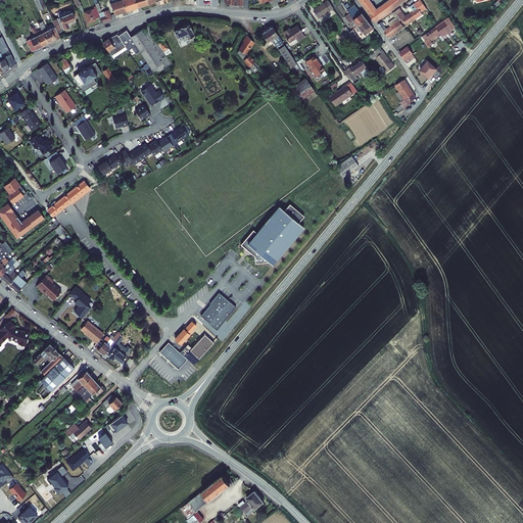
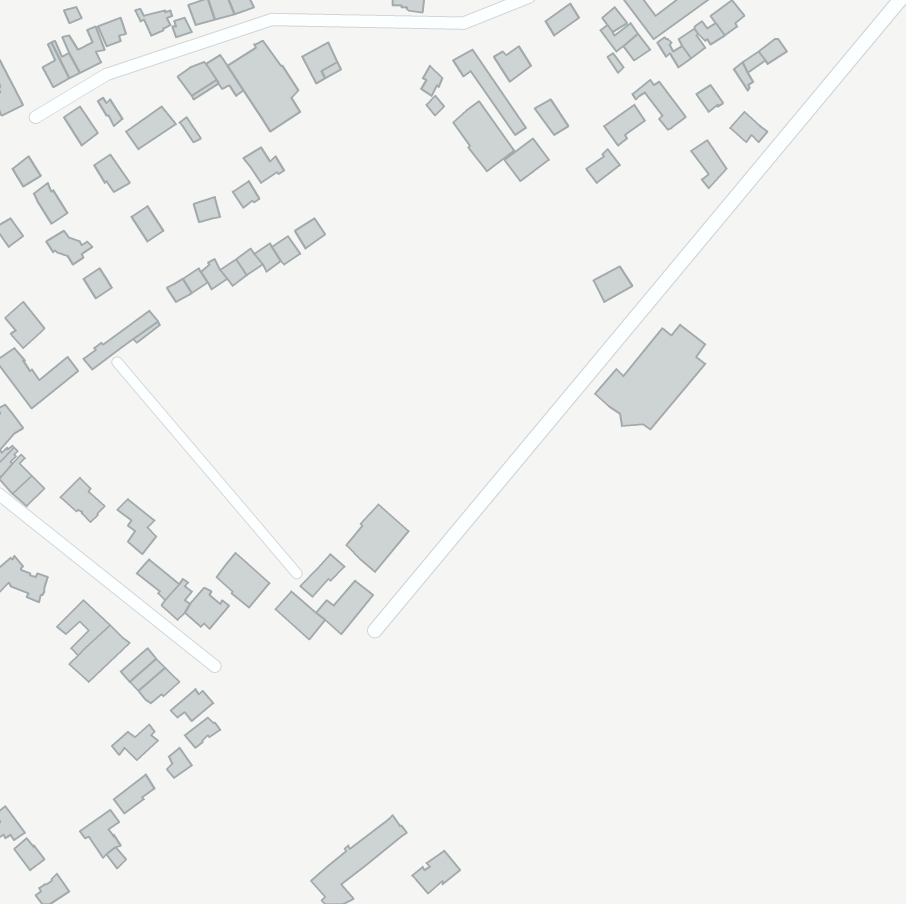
building: none -> [453,101,514,171]
building: [240,203,303,264] -> [595,325,705,429]
building: none -> [217,553,270,608]

